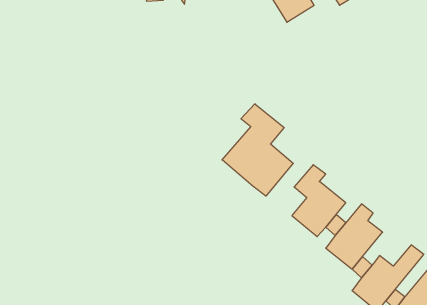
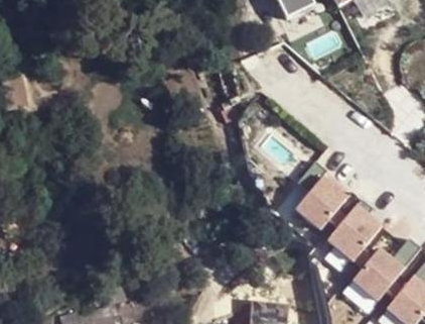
building: [222,104,293,196] -> none

